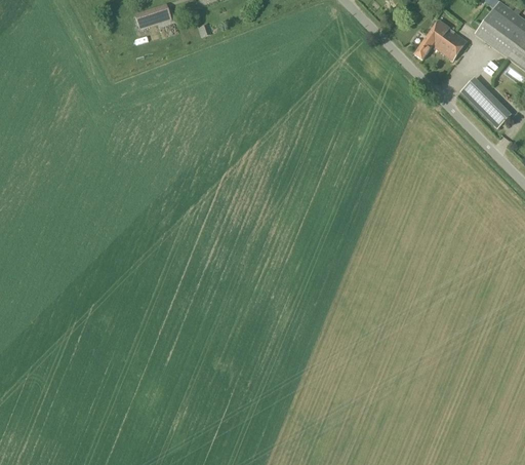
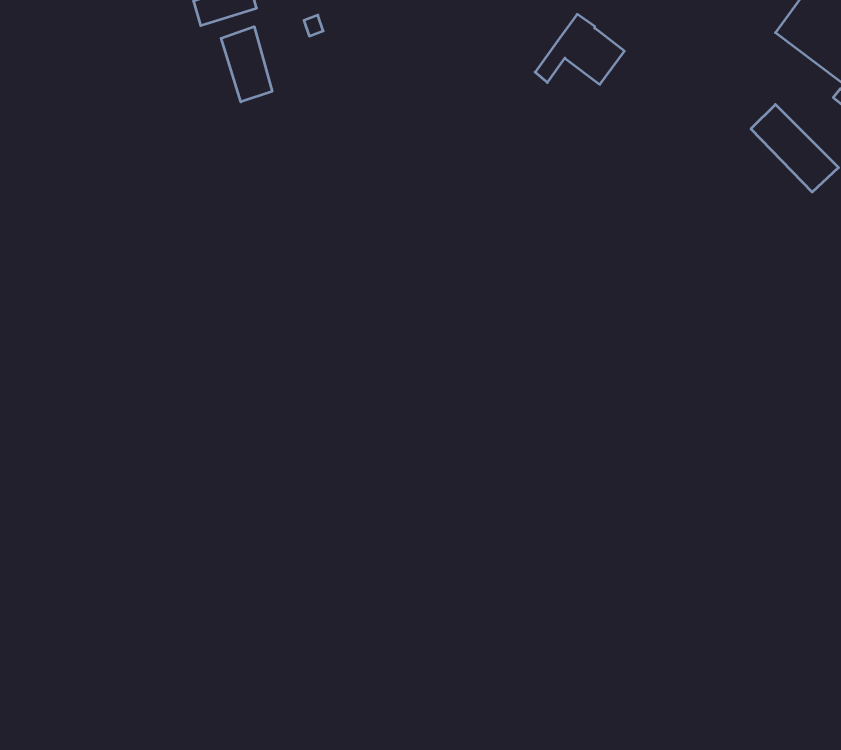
building: [414,20,467,61] -> [535,14,624,84]
building: none -> [221,27,272,102]

